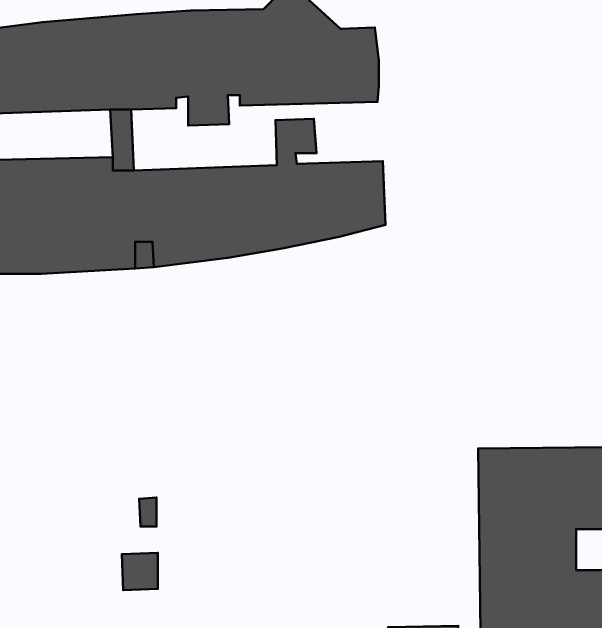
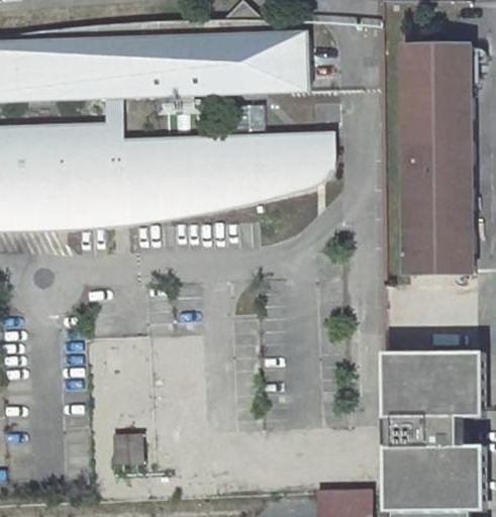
building: none -> [403,45,471,275]
building: none -> [310,135,333,185]

